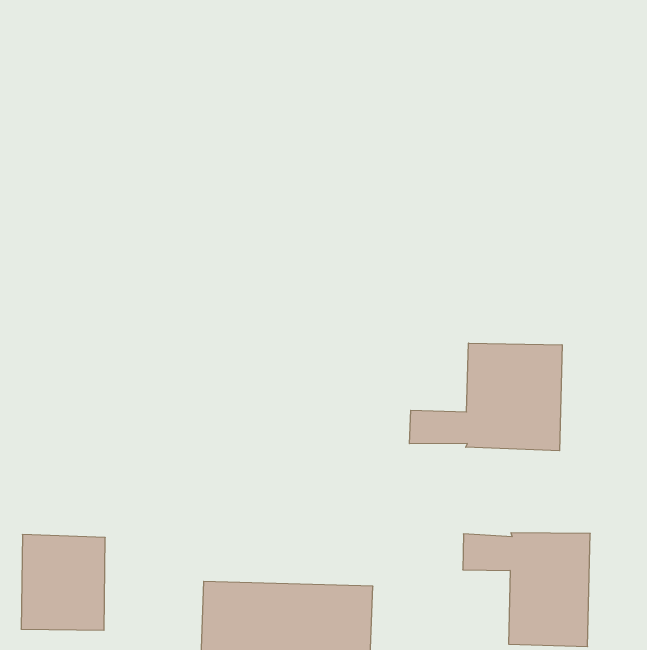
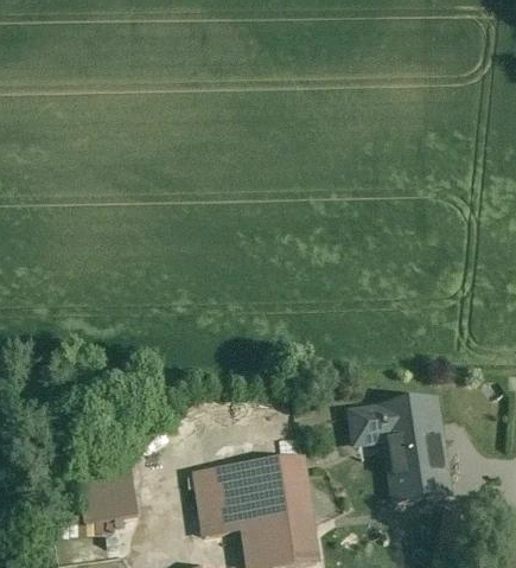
building: [410,343,562,451] -> none

